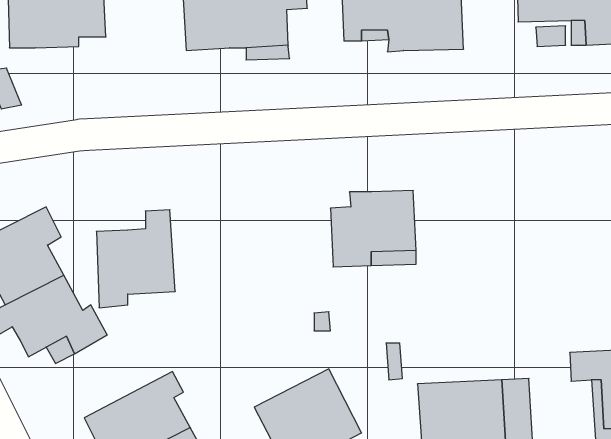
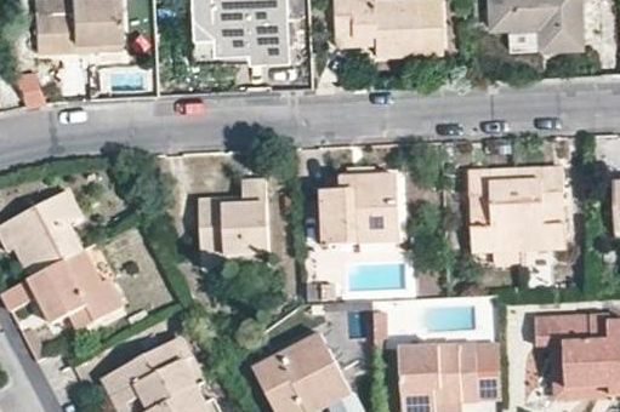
building: none -> [468,170,565,253]
building: [96,210,175,308] -> [199,182,269,269]

